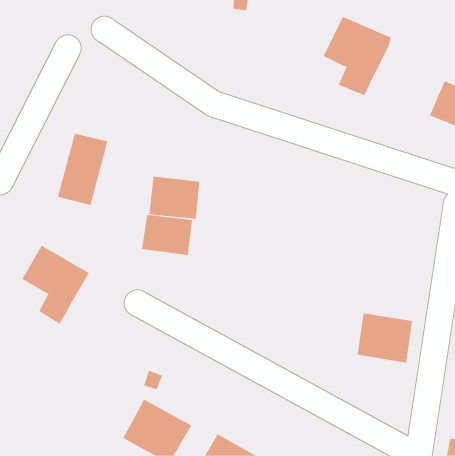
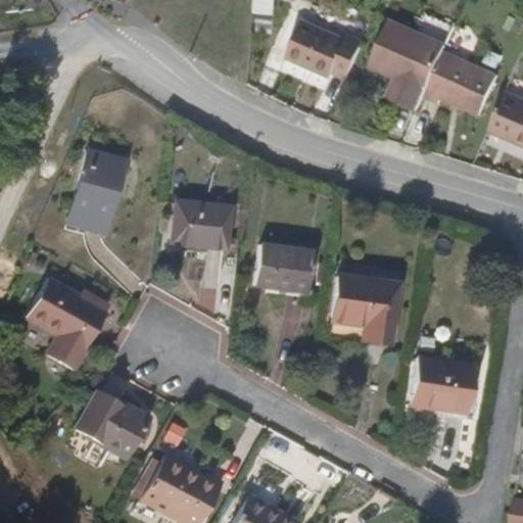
building: none -> [287,19,367,79]
building: none -> [426,51,498,114]
building: [141,214,193,255] -> [253,246,313,293]
building: none -> [332,276,398,345]
building: none -> [76,391,149,459]

